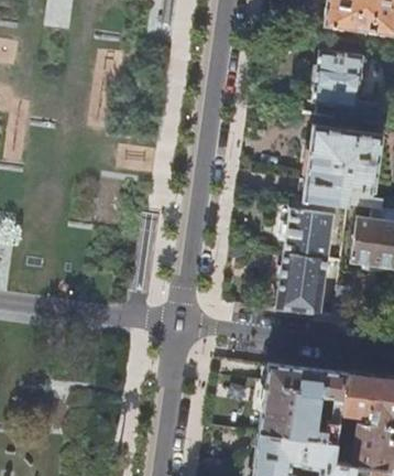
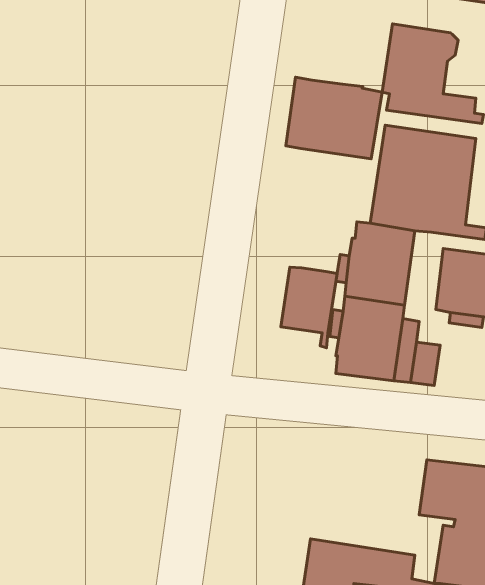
building: none -> [286,77,382,159]
building: none -> [281,267,337,348]
building: [259,364,344,444] -> none

